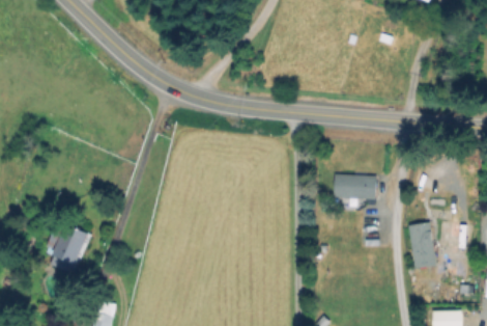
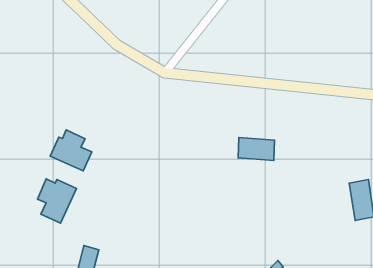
building: none -> [50,130,92,171]
building: [335,173,377,200] -> [238,137,275,161]

